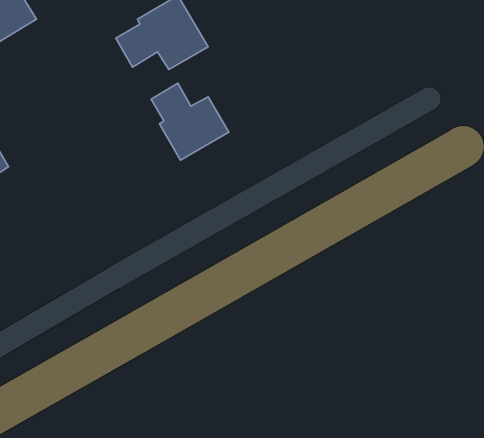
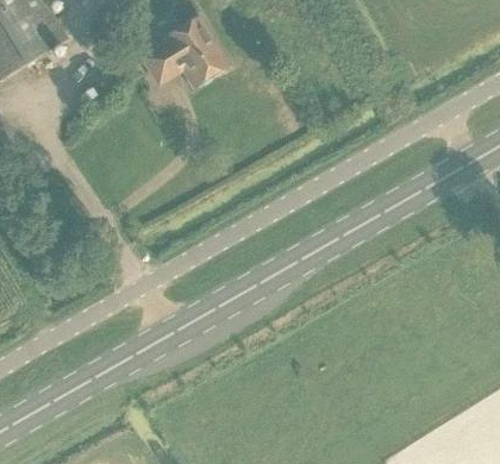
building: [151,83,229,160] -> none

